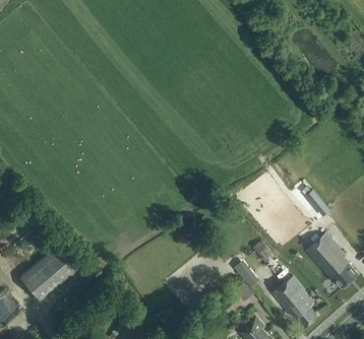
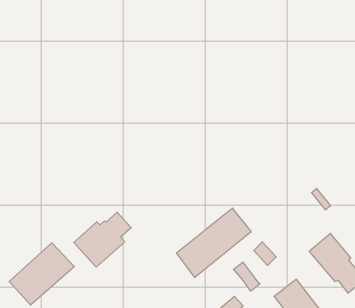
building: none -> [177,208,251,278]
building: none -> [74,212,131,267]

